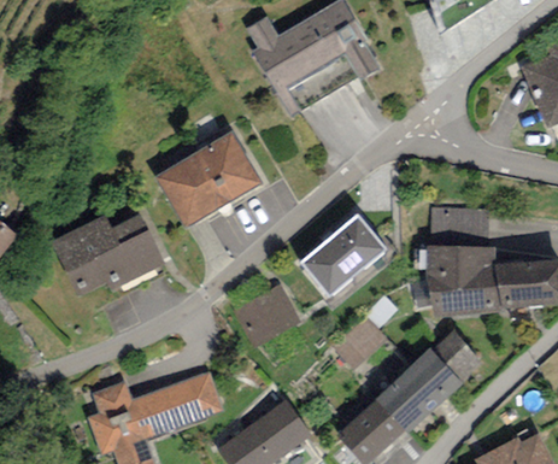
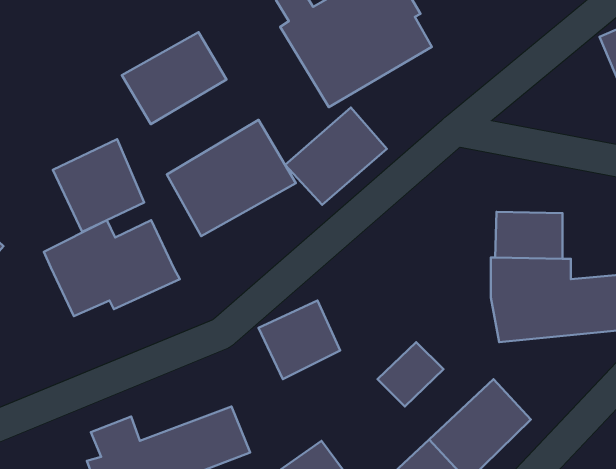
building: none -> [122,32,227,124]
building: none -> [53,139,144,232]
building: [300,213,386,295] -> [285,107,387,205]
building: [429,327,483,381] -> none

